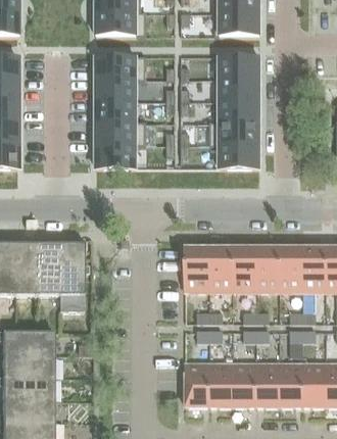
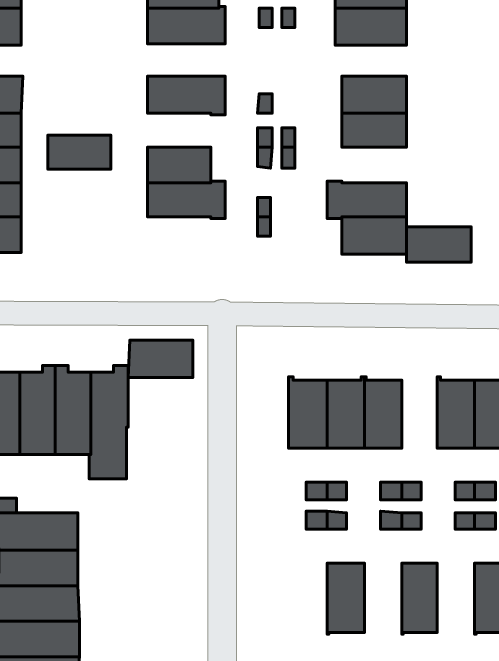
building: [97,79,137,100] -> [48,135,111,169]
building: [220,100,260,123] -> [407,227,471,262]
building: [96,144,137,167] -> [128,340,193,377]
building: [257,245,280,290] -> none
building: [186,362,210,407] -> none
building: [234,362,257,407] -> none
building: [280,362,303,407] -> none

